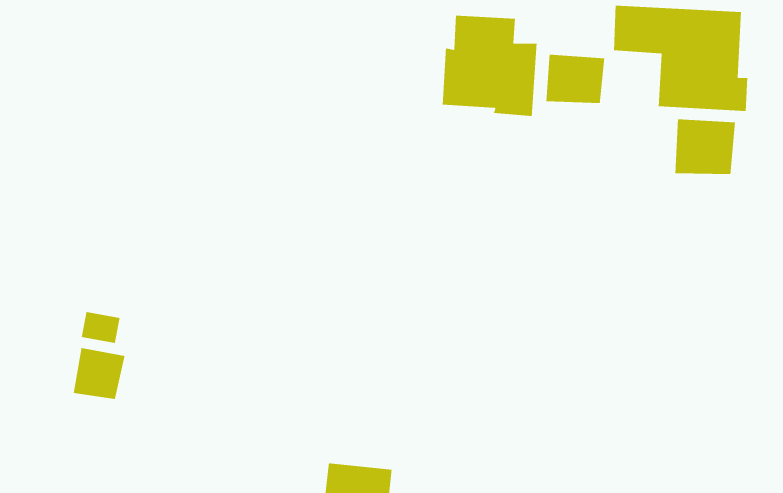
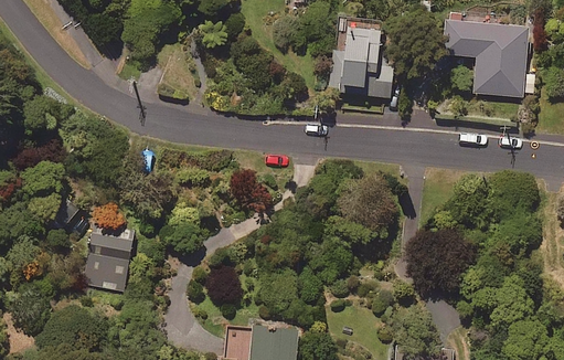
building: [545,54,605,104] -> none
building: [674,119,736,175] -> none

